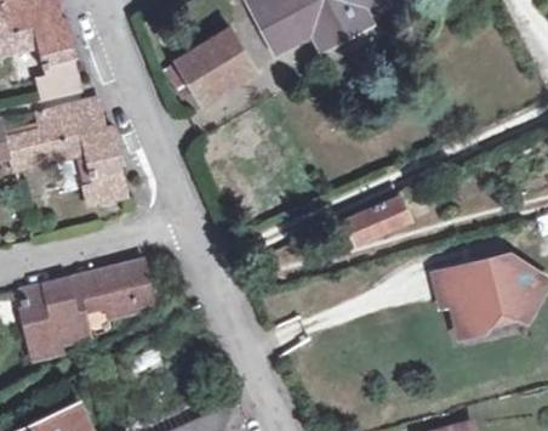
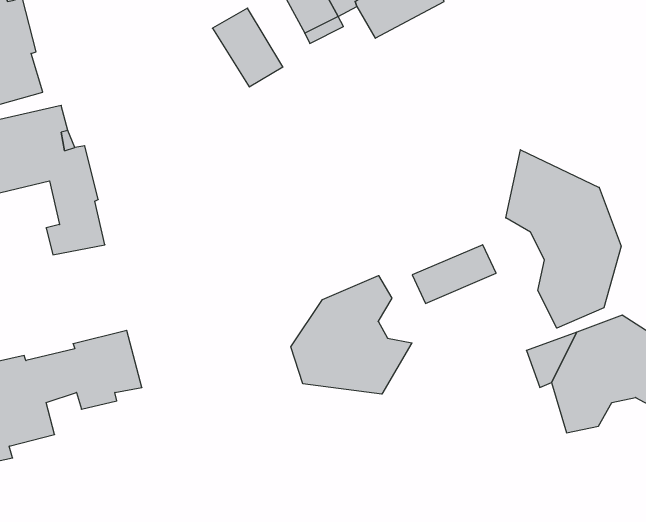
building: [175,42,230,102] -> none
building: none -> [506,150,621,328]
building: none -> [291,276,412,394]

